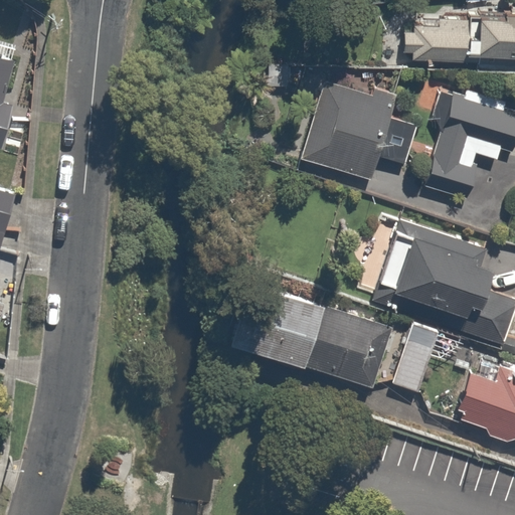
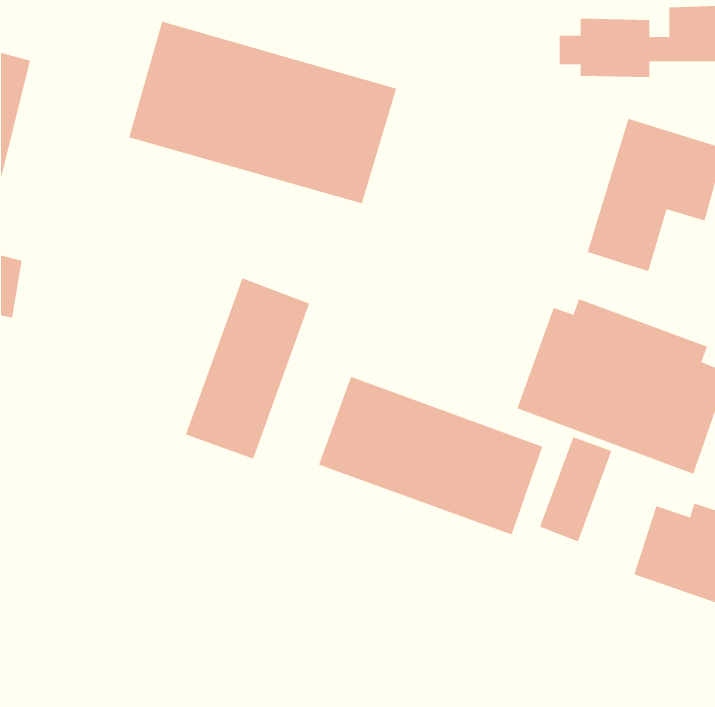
building: none -> [129,21,397,204]
building: [302,83,415,181] -> none
building: none -> [185,278,310,459]

